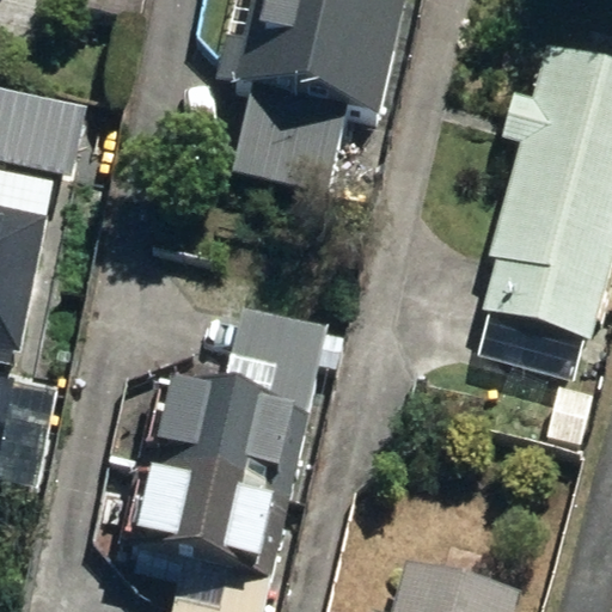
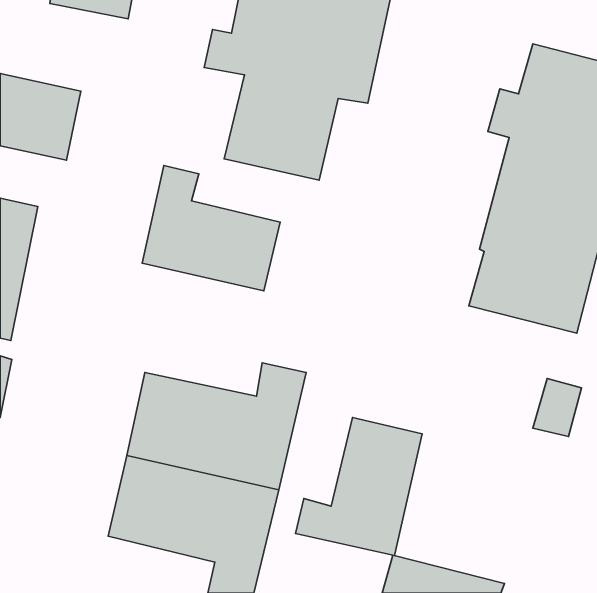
building: none -> [142,166,280,291]
building: none -> [296,417,422,555]

